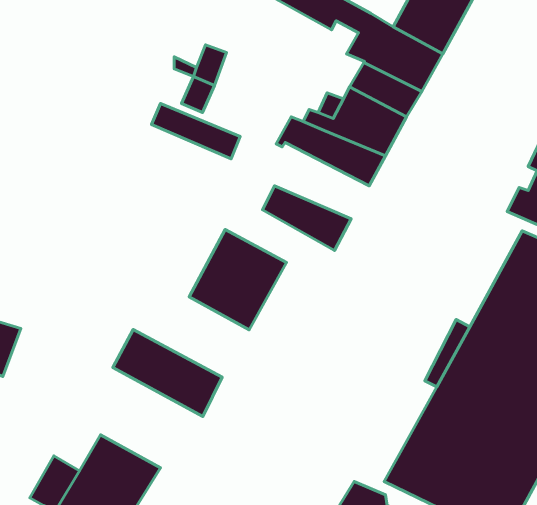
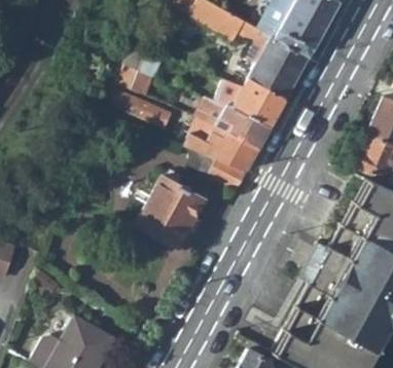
building: none -> [184,118,260,171]
building: [113,330,222,416] -> none

